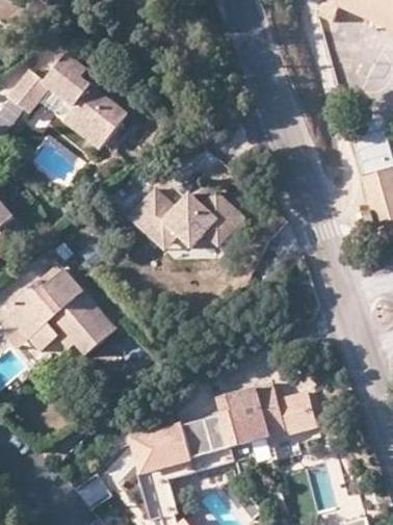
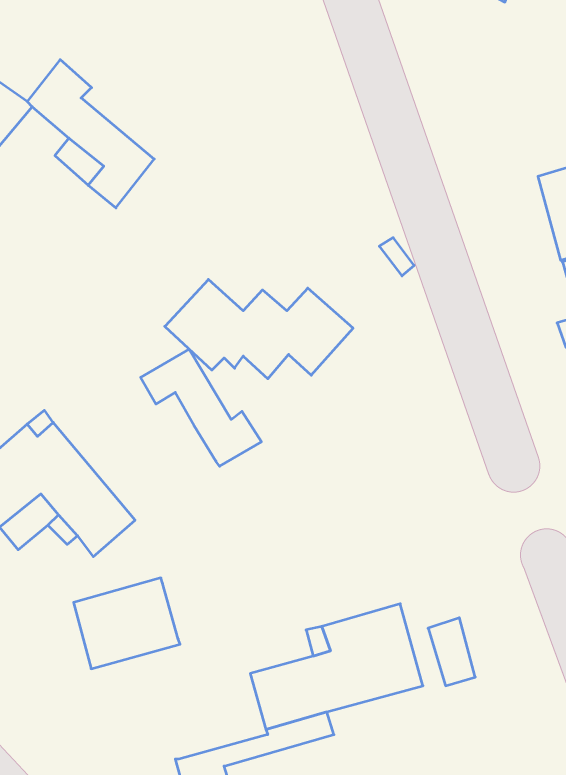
building: none -> [141,349,261,466]
building: [127,421,190,475] -> [74,578,180,669]

